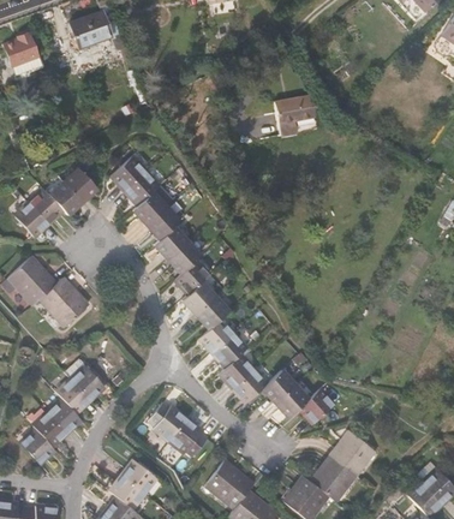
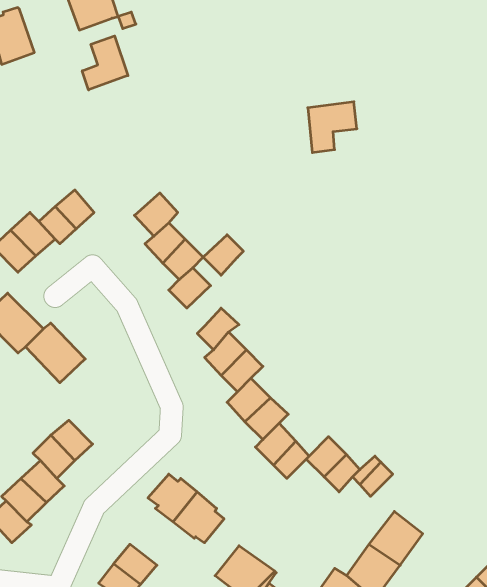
building: none -> [82,36,128,90]
building: [120,160,154,193] -> none
building: [175,250,208,282] -> [203,235,243,275]

